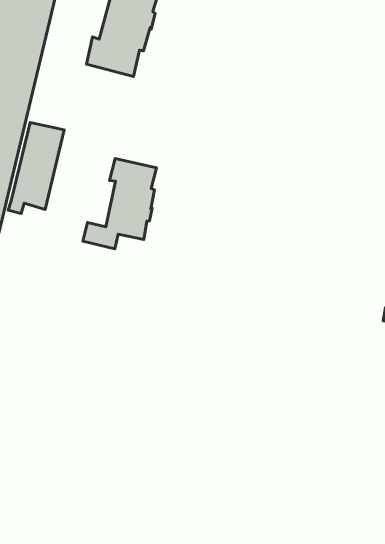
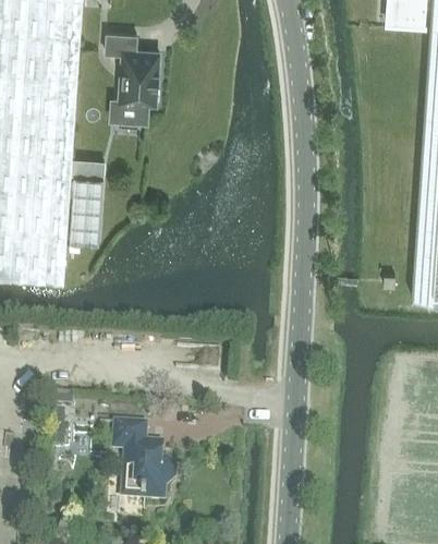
building: [83,158,157,249] -> none
building: none -> [112,424,174,501]

